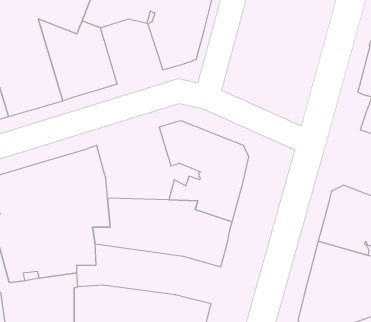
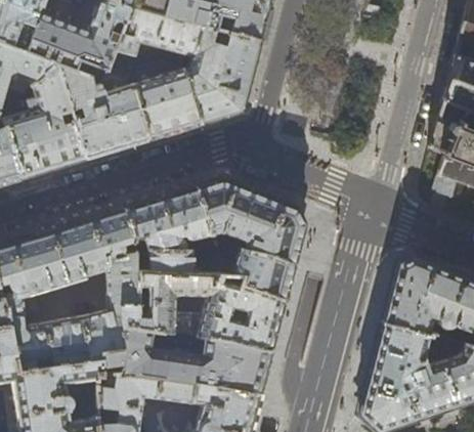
building: none -> [130,64,203,140]
building: none -> [126,190,216,275]
building: none -> [102,327,270,396]

